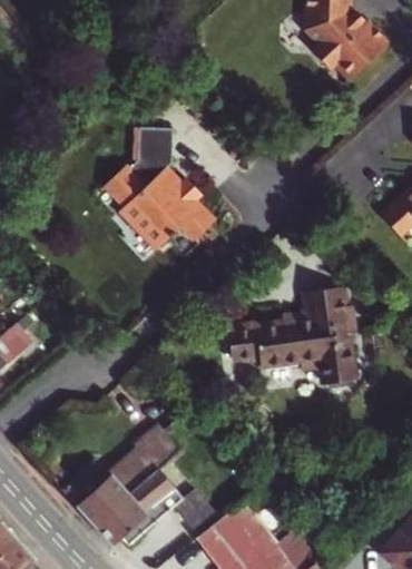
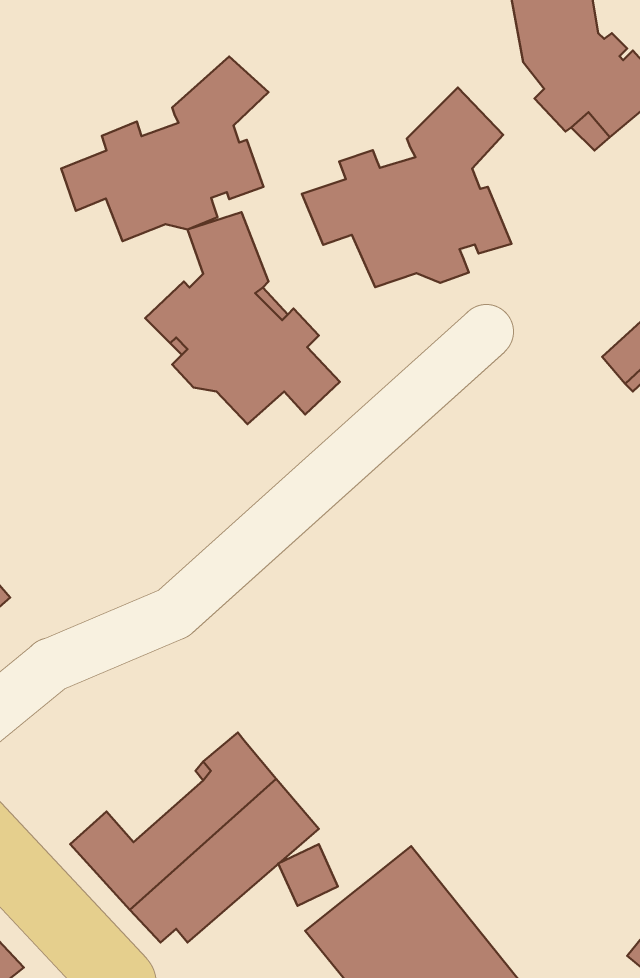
building: none -> [61,56,268,241]
building: none -> [302,87,512,287]
building: [227,288,354,386] -> none

